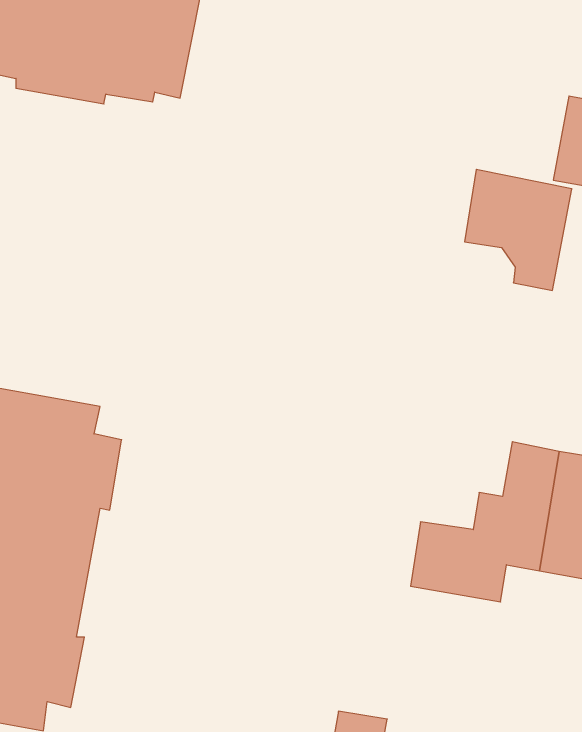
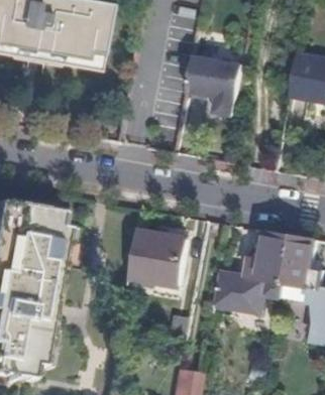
building: [465,169,572,290] -> [191,56,246,119]
building: none -> [131,225,192,287]

